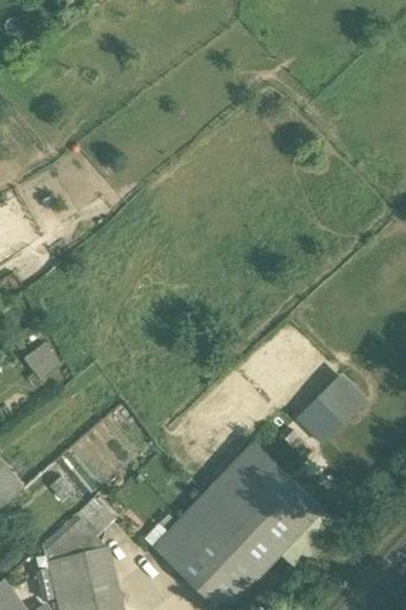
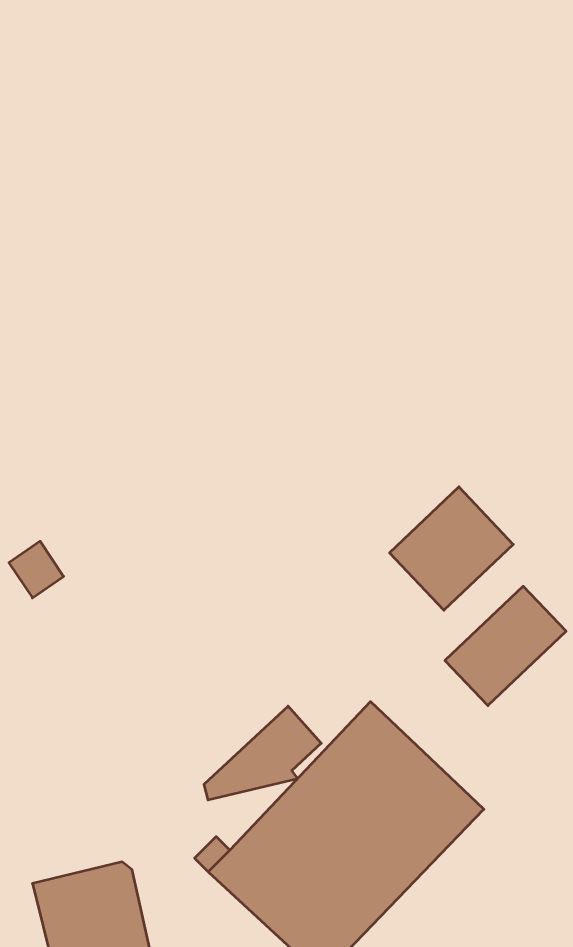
building: none -> [390,487,513,610]
building: [41,498,114,556] -> [204,706,321,800]

